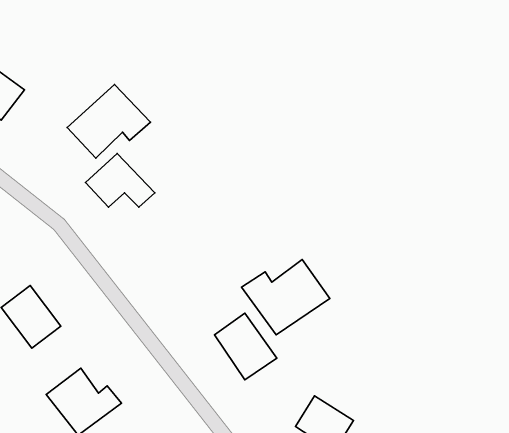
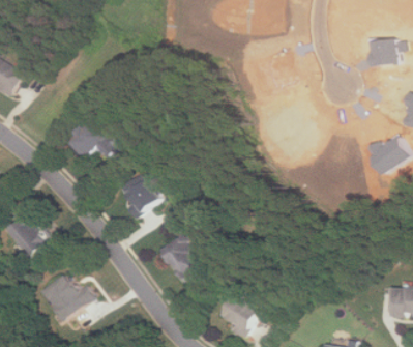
building: [67,85,151,158] -> none
building: none -> [116,173,158,216]
building: [241,260,330,335] -> none

